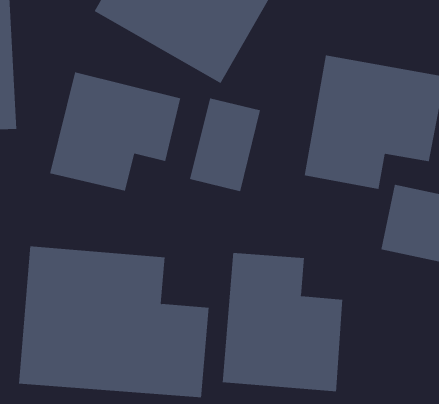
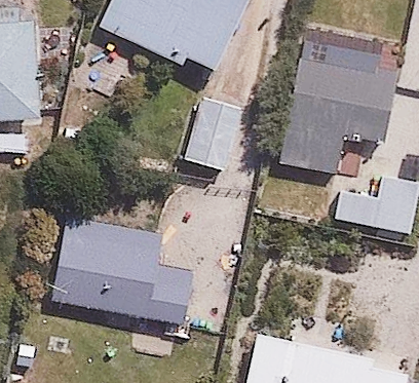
building: [50,72,181,192] -> none
building: [222,252,343,392] -> none

